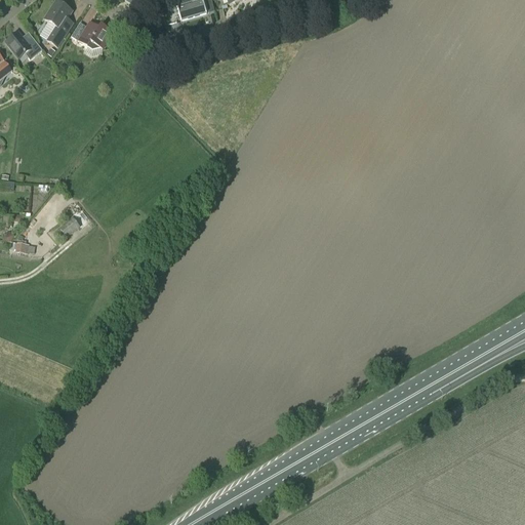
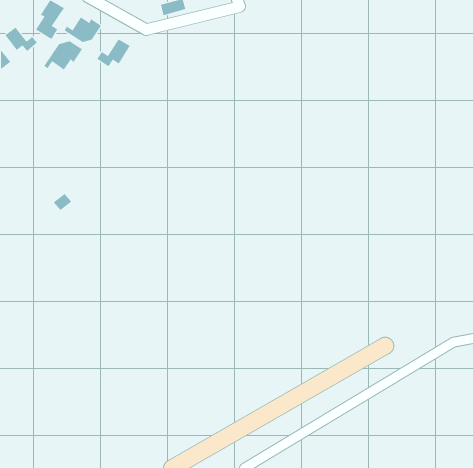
building: none -> [96,39,130,67]
building: none -> [44,40,83,70]

